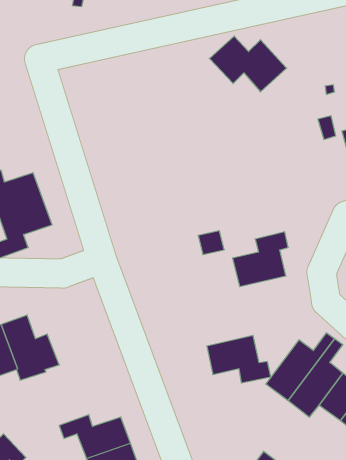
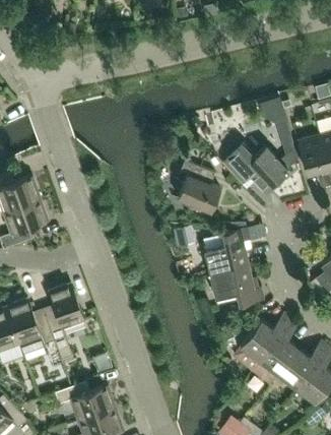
building: [209,36,287,92] -> [221,144,287,192]
building: none -> [178,162,219,212]
building: none -> [45,284,84,360]
building: [207,335,271,383] -> [209,265,264,306]

